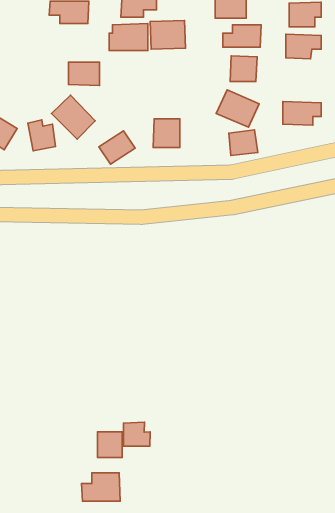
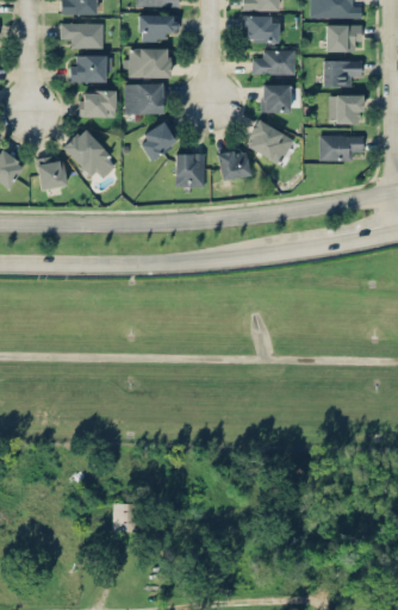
building: [150,20,185,49] -> [124,82,163,114]
building: none -> [70,55,106,82]
building: none -> [329,94,361,123]
building: [229,130,258,156] -> [218,150,250,179]
building: [99,131,135,164] -> [137,123,178,160]
building: [123,422,150,446] -> none
building: [81,473,120,501] -> none

